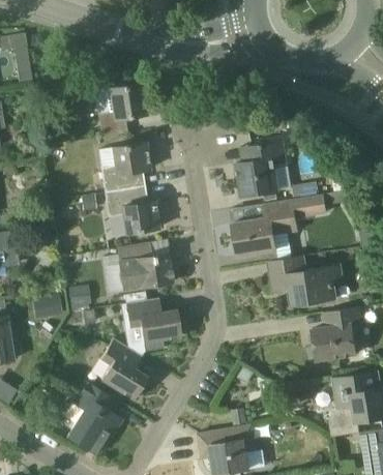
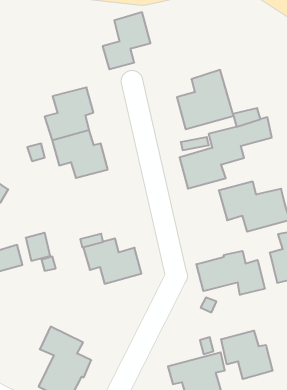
building: [97,84,146,138] -> [103,12,151,69]
building: [117,243,172,290] -> none
building: none -> [196,251,265,295]
building: [100,339,147,400] -> none
building: none -> [221,331,273,379]

